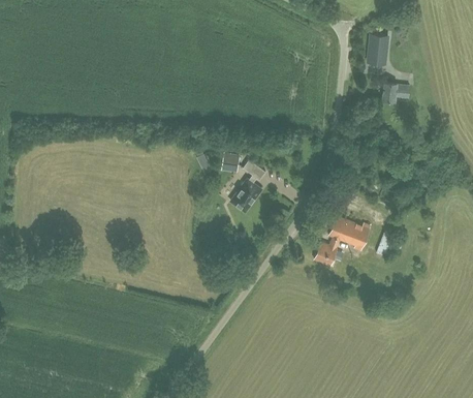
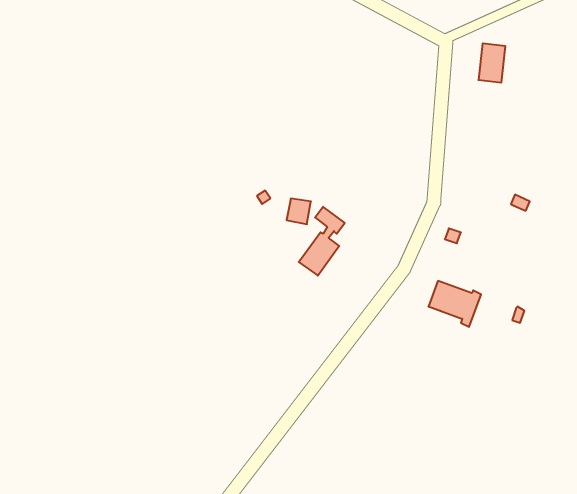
building: [382,83,409,101] -> none
building: [314,237,339,266] -> none

